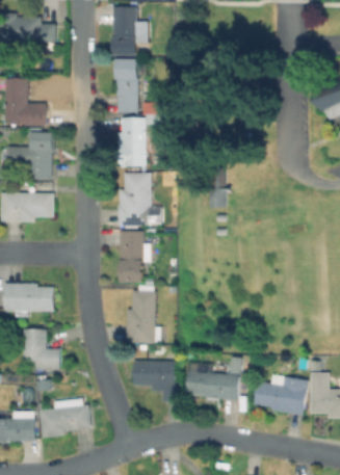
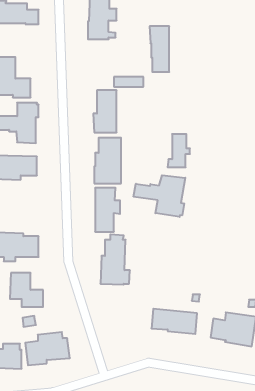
building: [114,59,137,112] -> [150,26,169,72]
building: none -> [134,175,185,217]
building: [133,361,179,391] -> none

